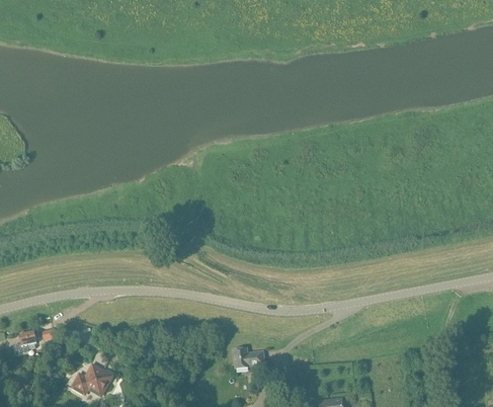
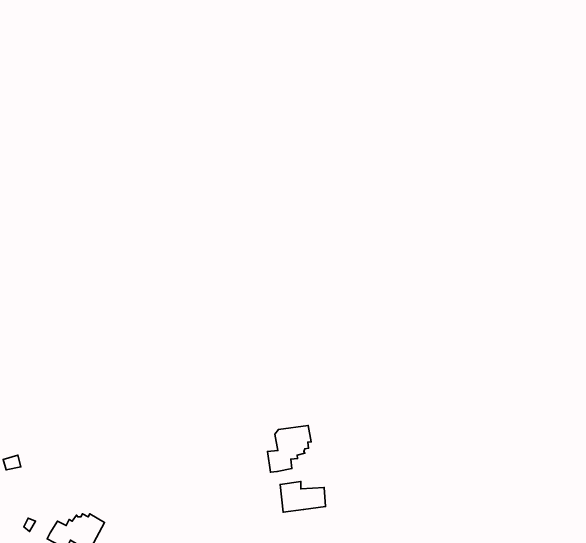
building: none -> [268,426,311,472]

